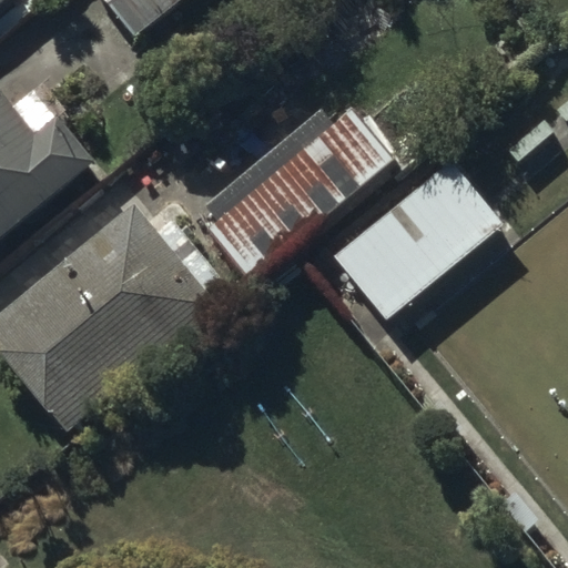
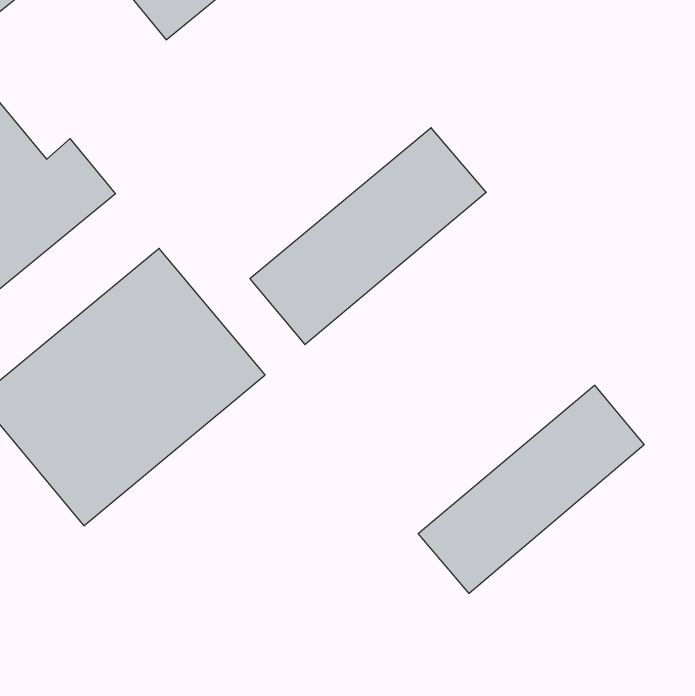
building: [337,170,500,325] -> none
building: none -> [418,385,644,593]

